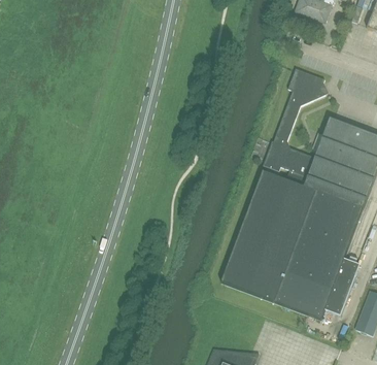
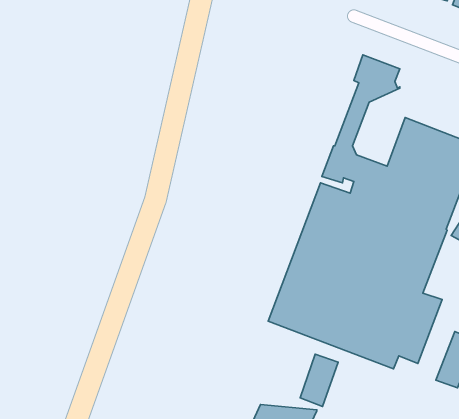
building: none -> [300,354,338,406]

